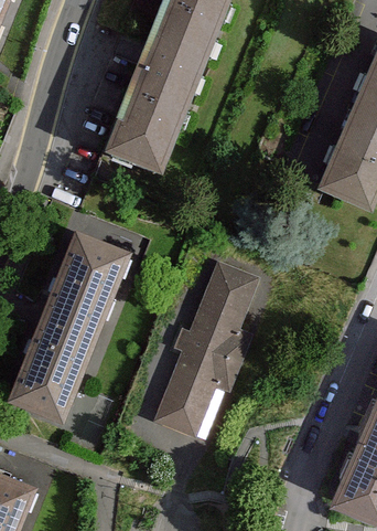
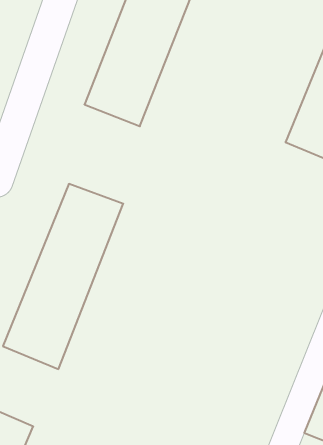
building: [159,263,263,439] -> none

